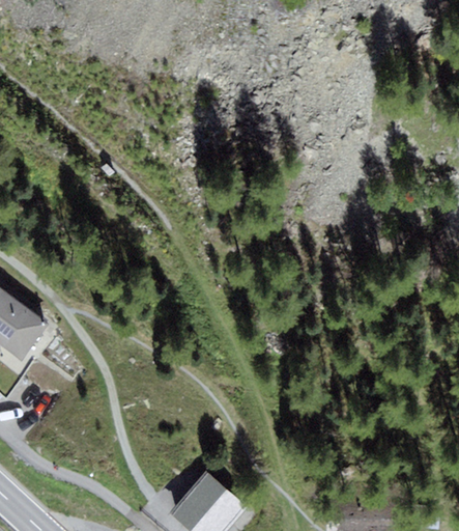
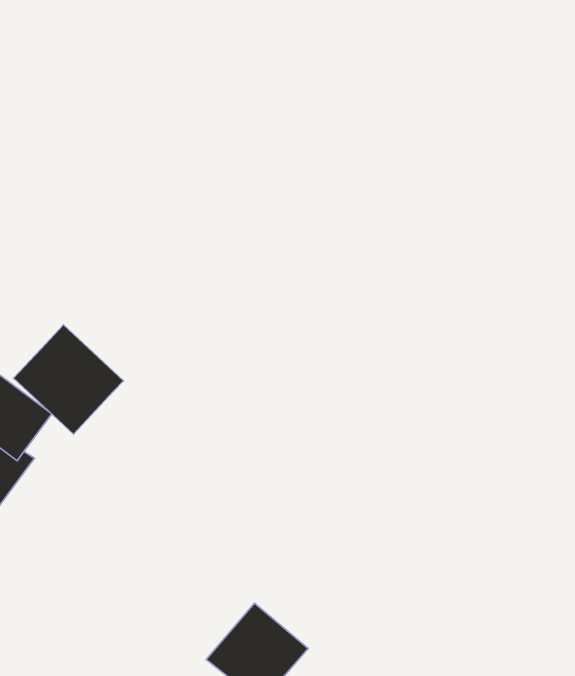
building: none -> [14,325,123,434]

